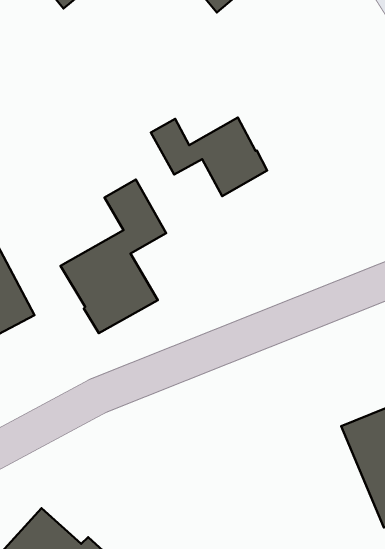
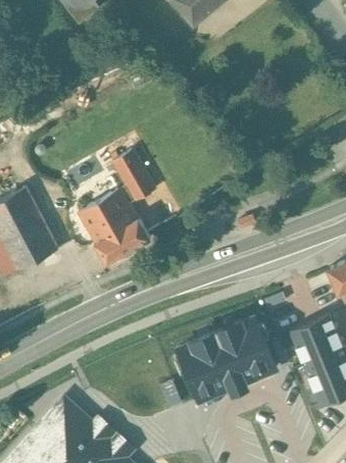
building: [151,118,267,196] -> none
building: none -> [180,319,277,402]

